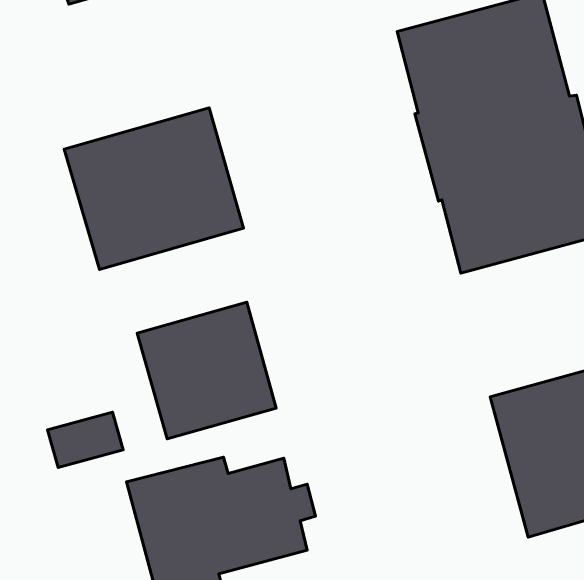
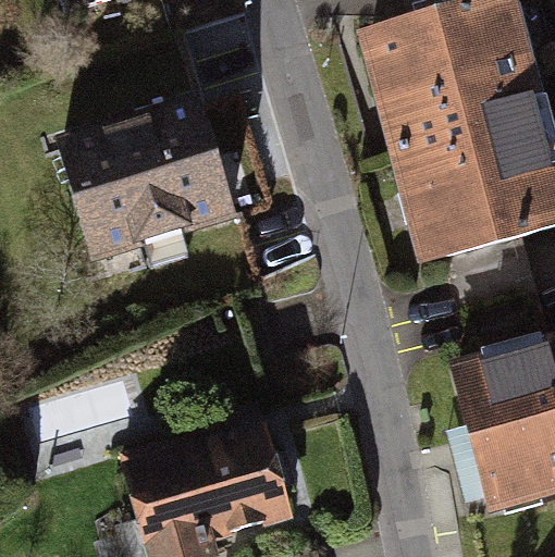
building: [137,302,276,439] -> none

